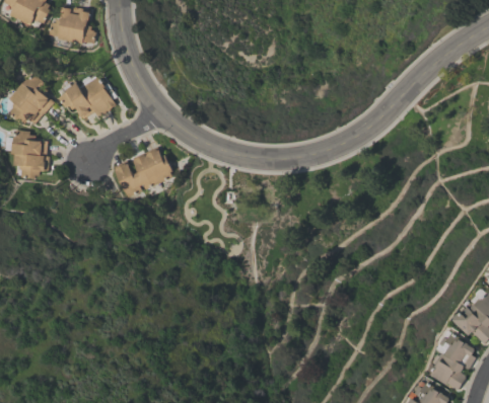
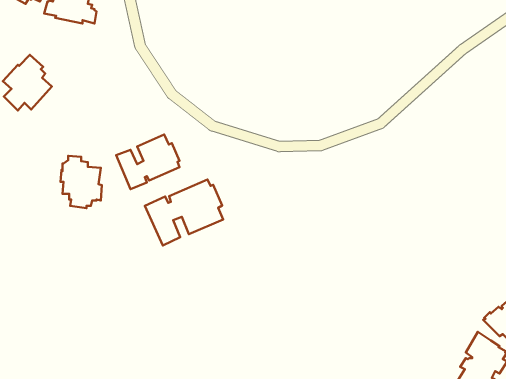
building: [57,76,116,118] -> none
building: [9,130,48,178] -> [60,156,102,208]
building: none -> [145,180,223,246]

